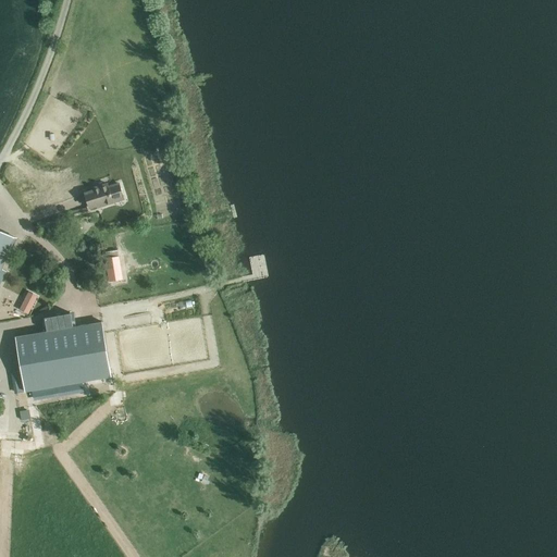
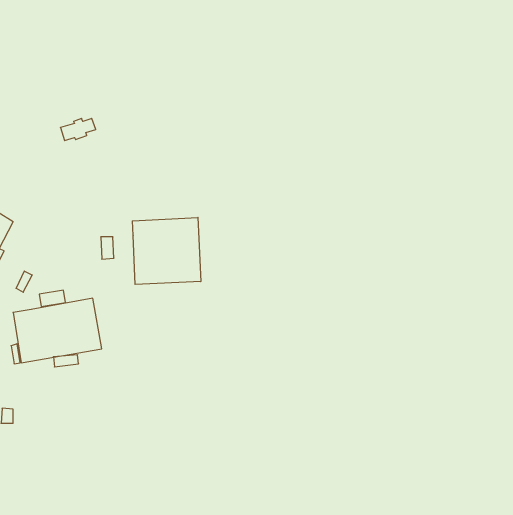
building: [83,184,121,208] -> [60,118,96,141]
building: none -> [132,217,201,284]

